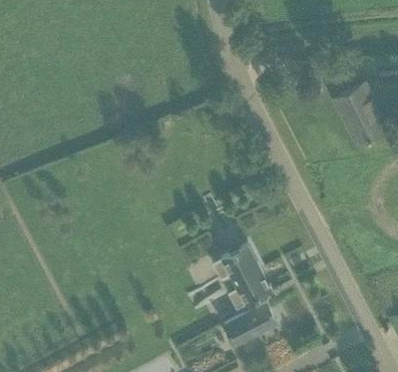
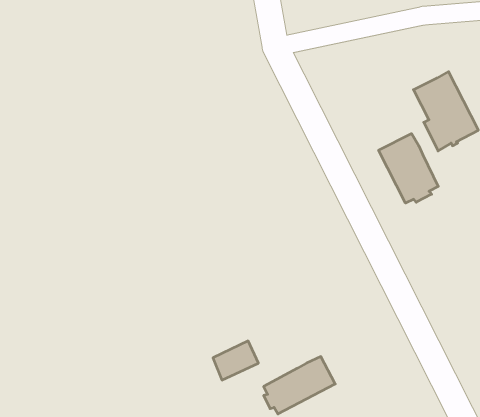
building: none -> [379,134,438,203]
building: [214,247,273,313] -> none

